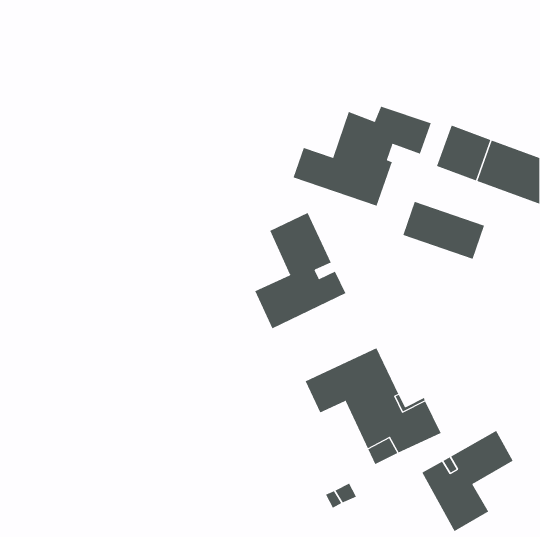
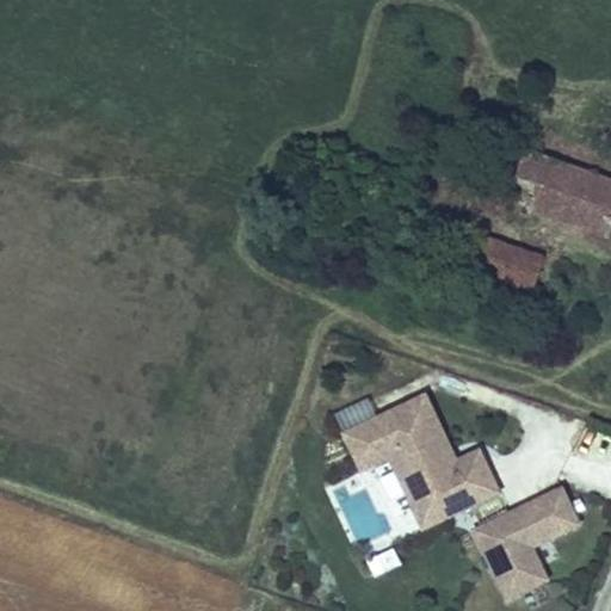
building: [293,106,431,207] -> none
building: [255,212,346,329] -> none

